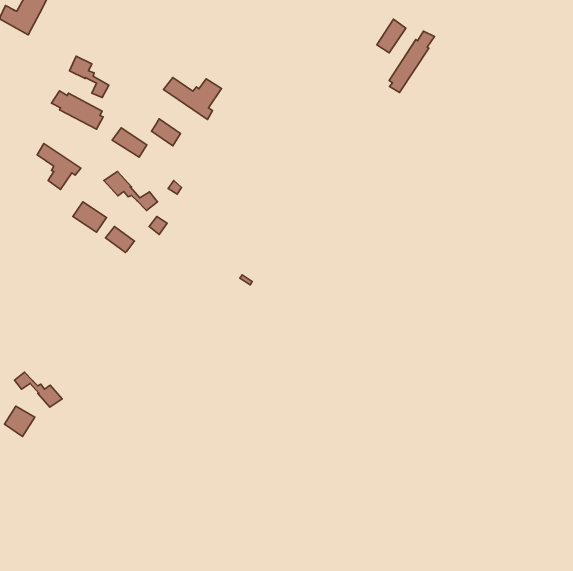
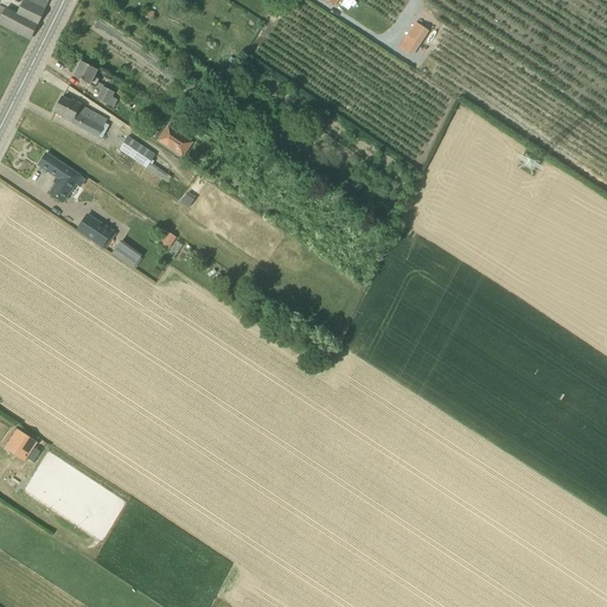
building: [389,31,434,93] -> none
building: [164,77,222,120] -> none
building: [104,172,158,210] -> none
building: [14,372,62,407] -> none

